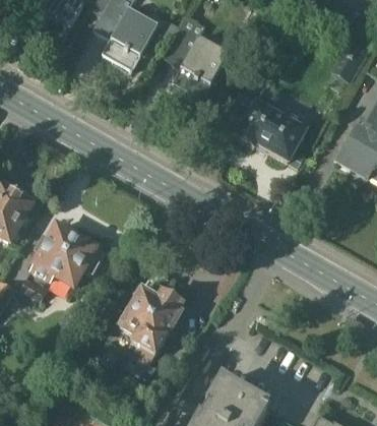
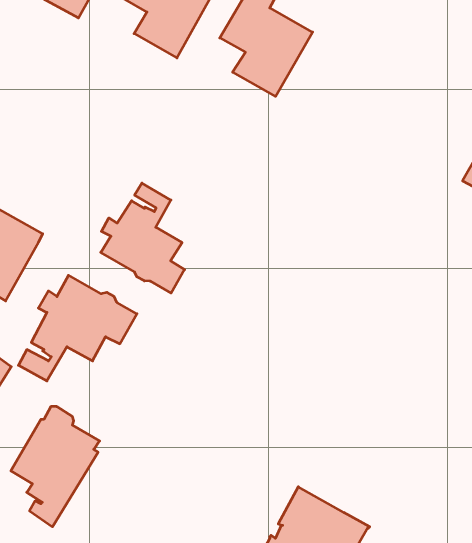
building: [226,93,304,160] -> none
building: none -> [101,183,185,293]
building: [118,280,181,365] -> [11,407,100,527]

